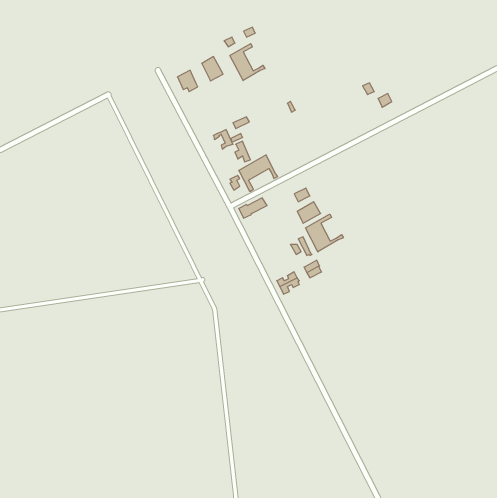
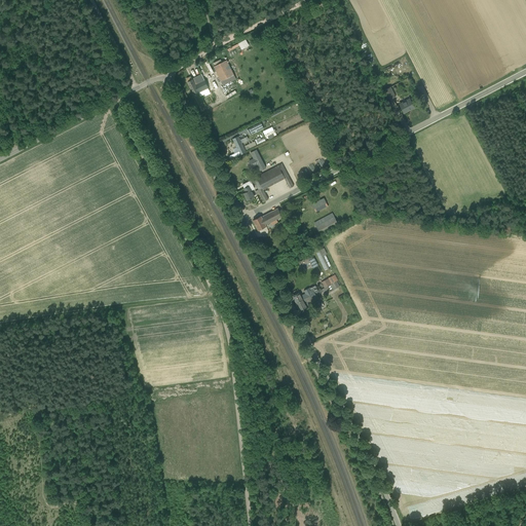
building: [230,44,265,81] -> none
building: [306,214,343,252] -> none

